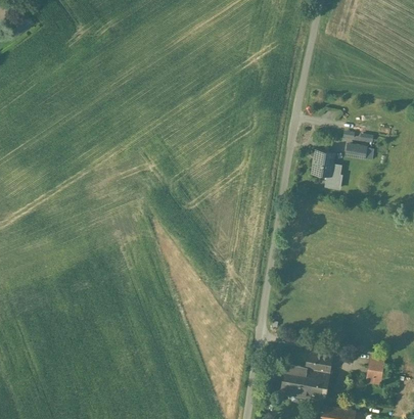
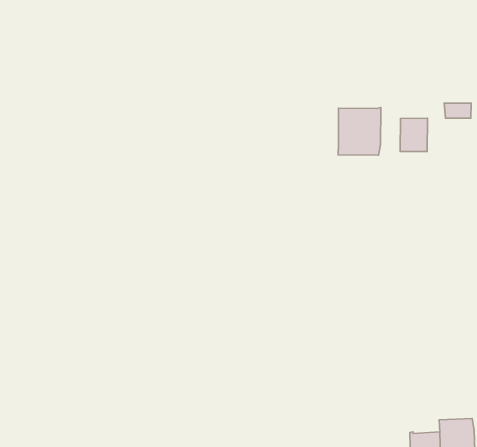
building: none -> [338,108,381,155]

